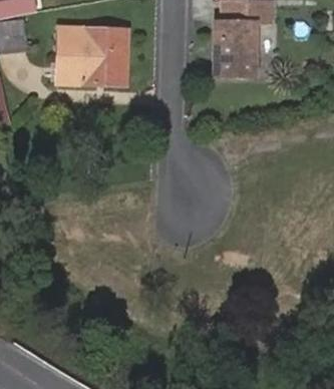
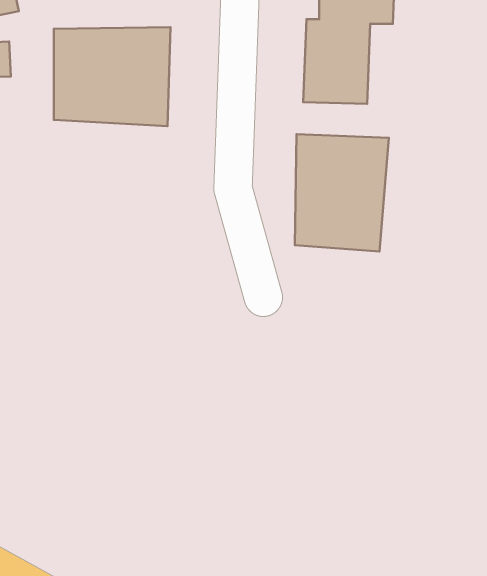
building: none -> [295,134,389,251]

